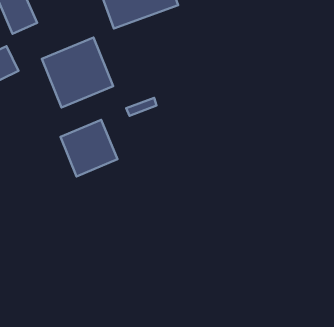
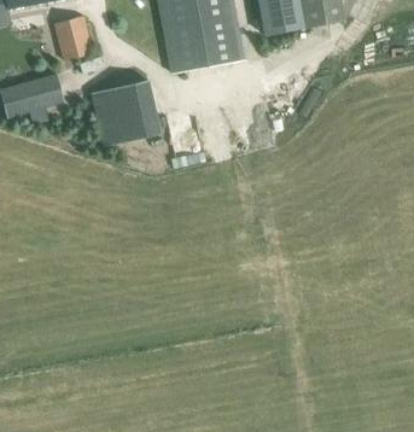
building: [60,120,117,176] -> none

